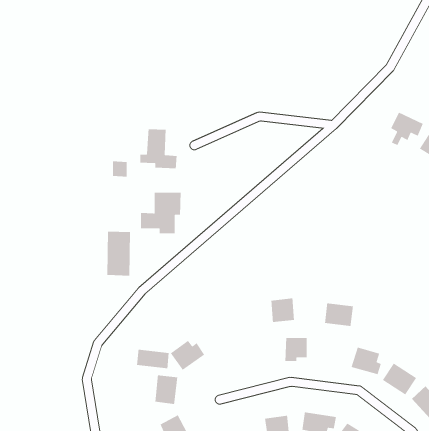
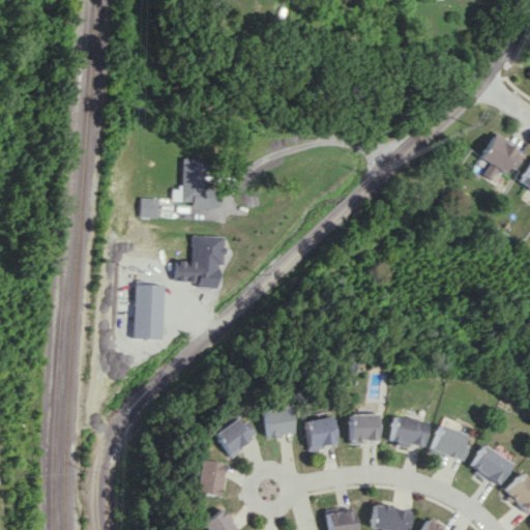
building: [270,298,295,323] -> [307,417,337,448]
building: [324,302,354,327] -> [393,417,430,447]
building: none -> [262,407,293,437]
building: [136,349,170,369] -> none

